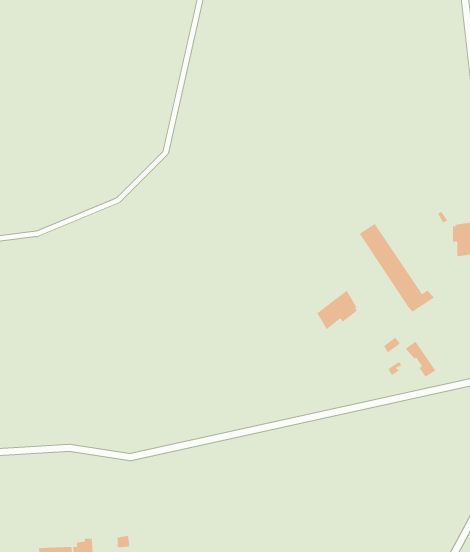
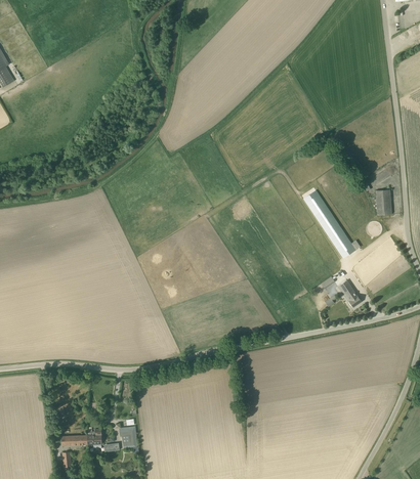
building: [316,290,358,330] -> none

